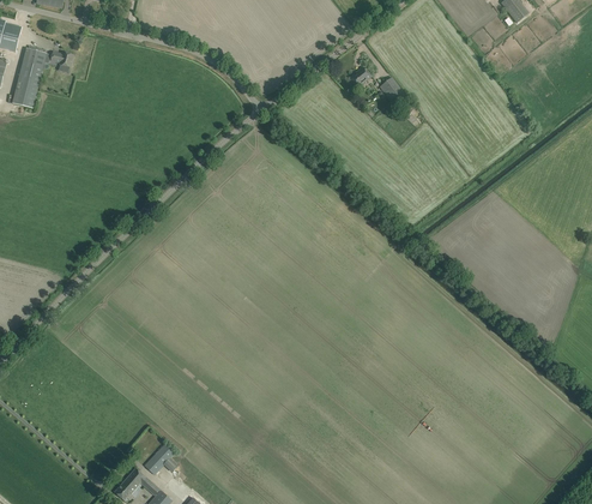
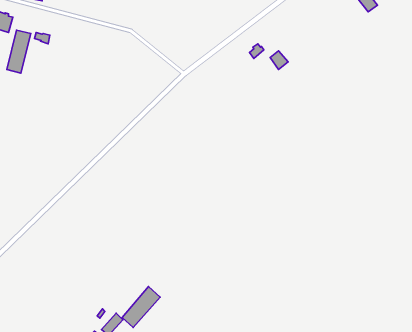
building: none -> [122,287,160,327]

